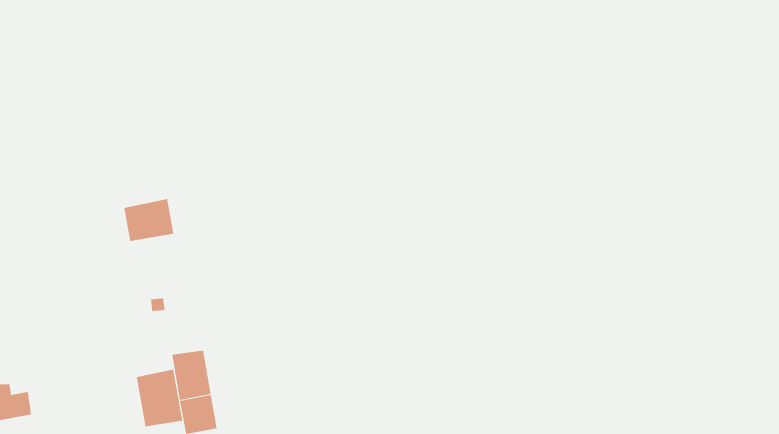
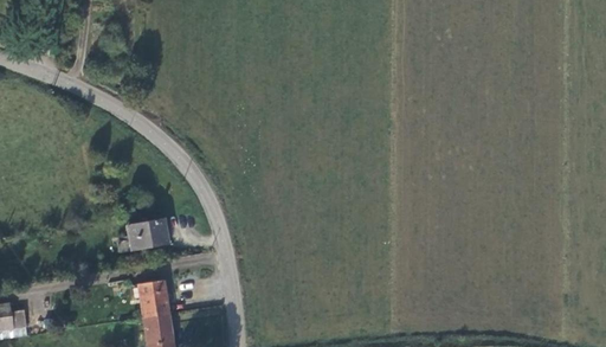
building: [123,199,174,242] -> [130,219,169,252]
building: [136,369,183,427] -> none

